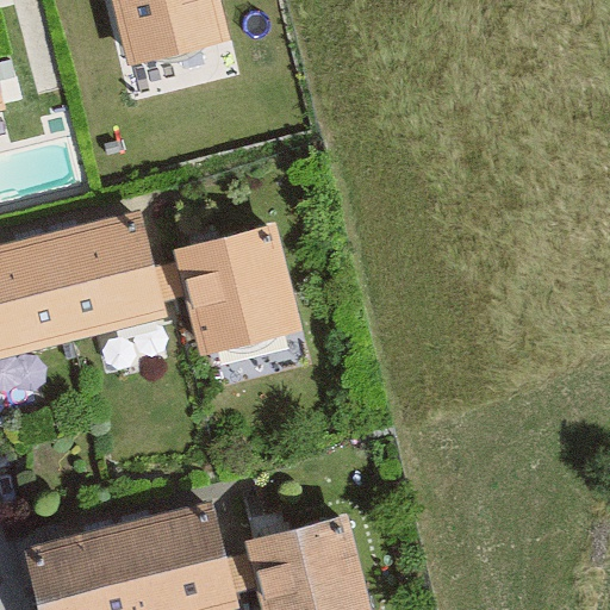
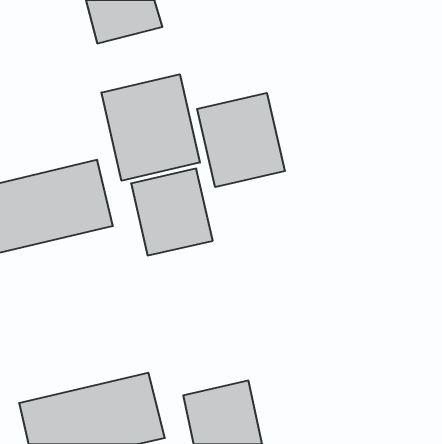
building: none -> [101,74,200,181]
building: none -> [197,93,285,187]

